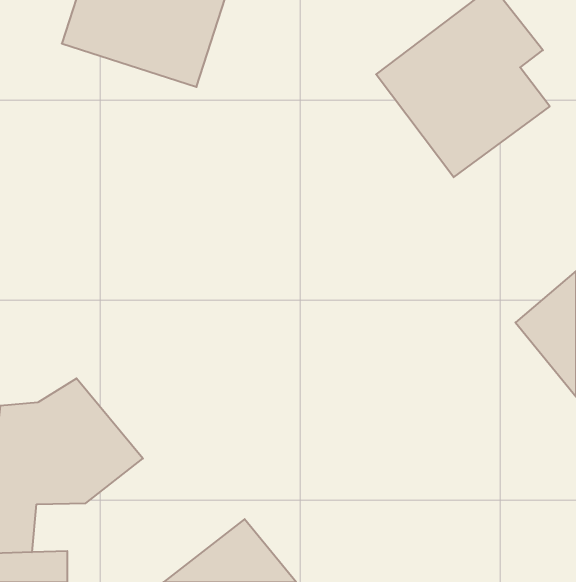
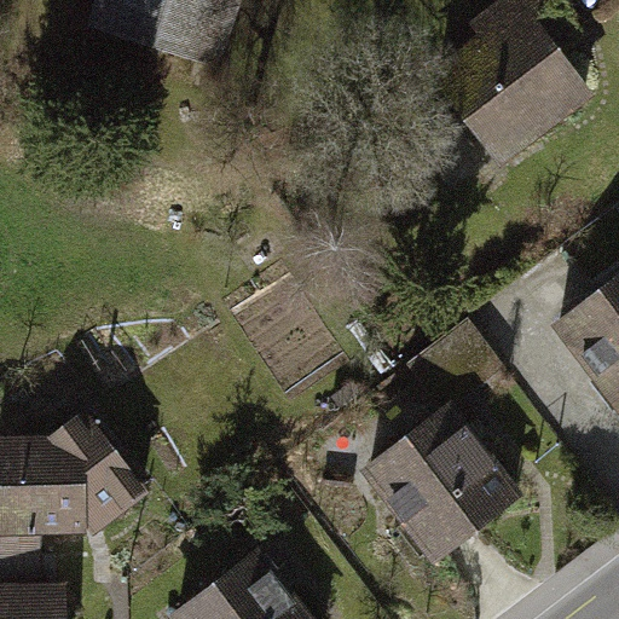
building: none -> [360,398,528,565]

